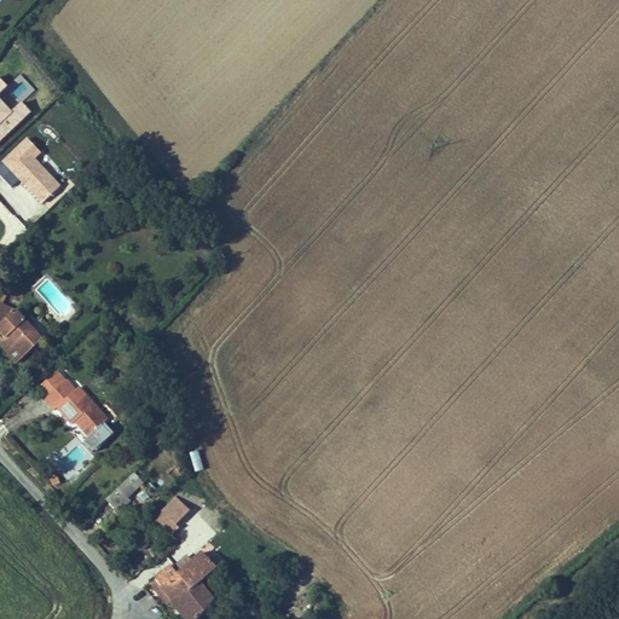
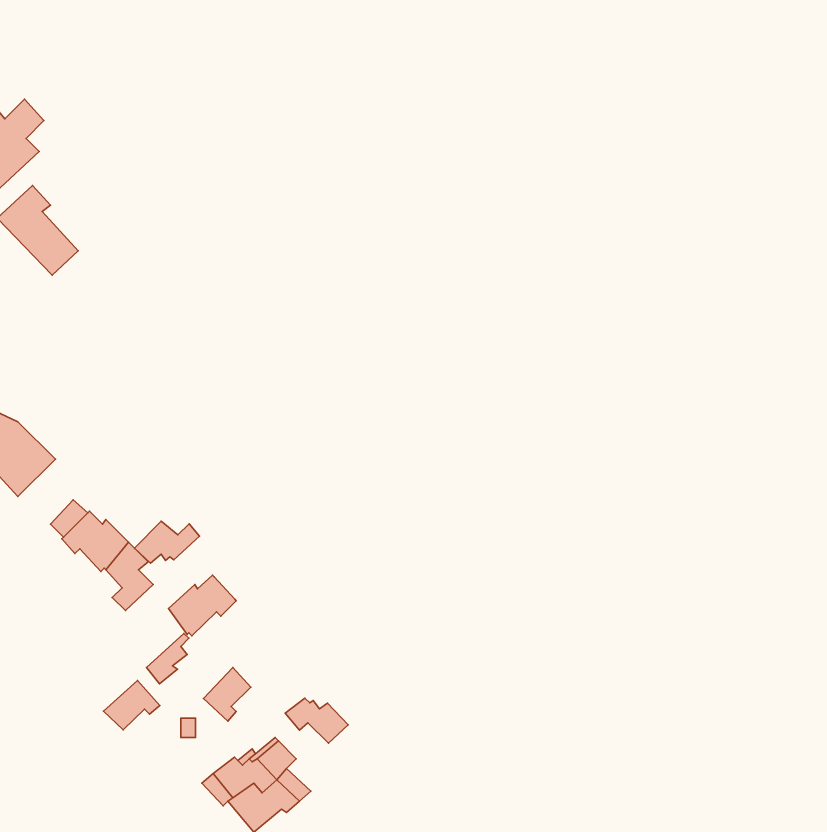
building: none -> [134,521,200,563]
building: none -> [169,575,236,636]
building: none -> [104,680,160,730]
building: none -> [285,698,348,743]

